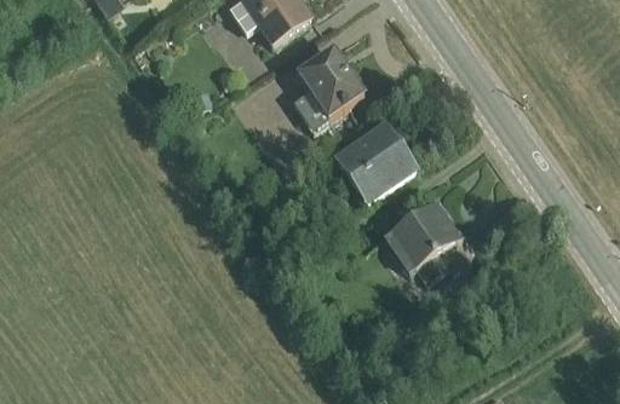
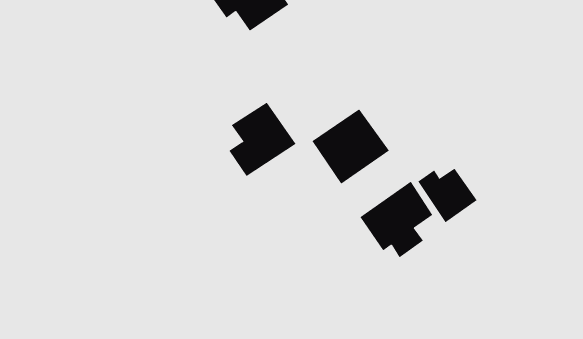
building: [294,48,364,126] -> [229,102,296,177]
building: none -> [417,168,478,223]

